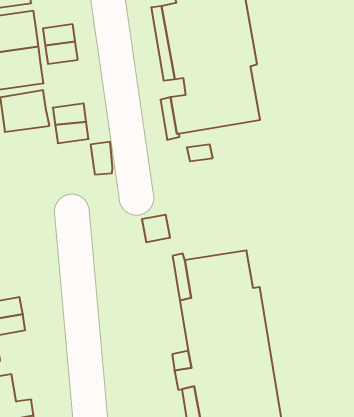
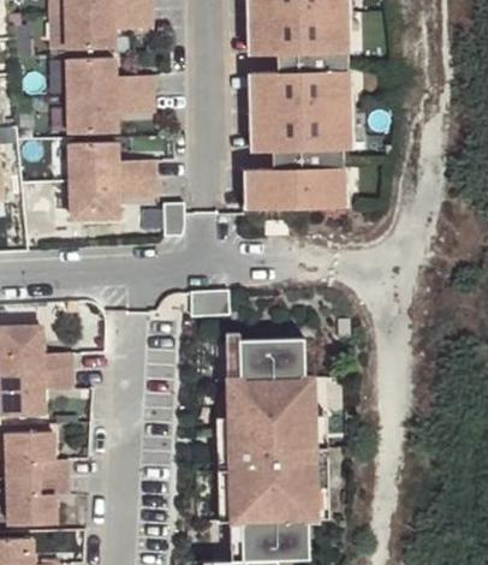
building: none -> [76,179,123,218]

